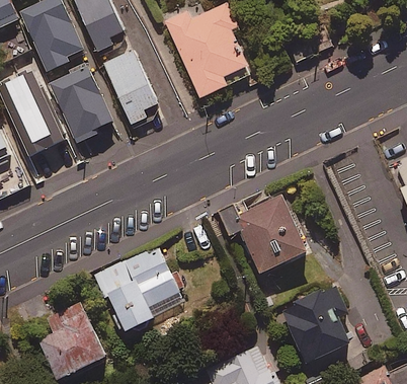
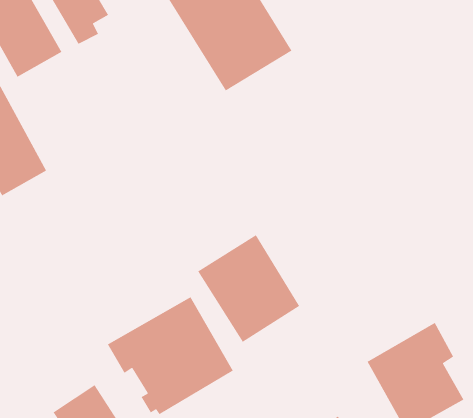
building: [103,51,157,124] -> none
building: [52,67,114,142] -> none
building: [236,194,309,273] -> [197,234,300,343]

